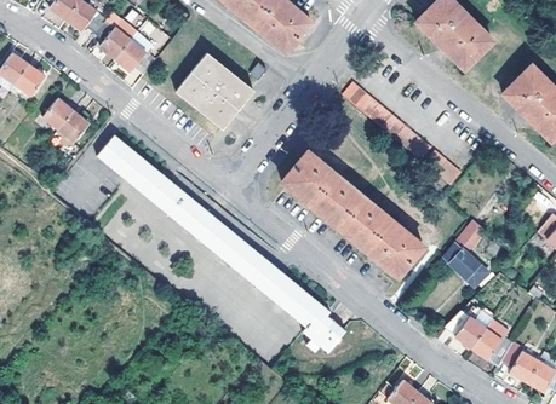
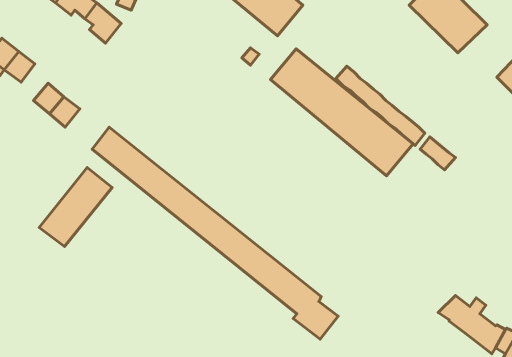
building: [114,31,155,75] -> none
building: [176,53,253,128] -> none
building: [282,151,424,277] -> [271,49,413,176]
building: none -> [39,167,112,246]
building: [445,221,491,287] -> none

